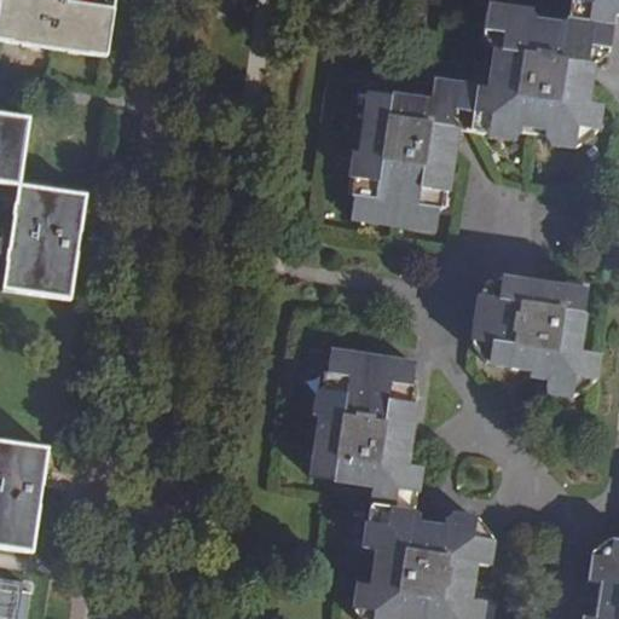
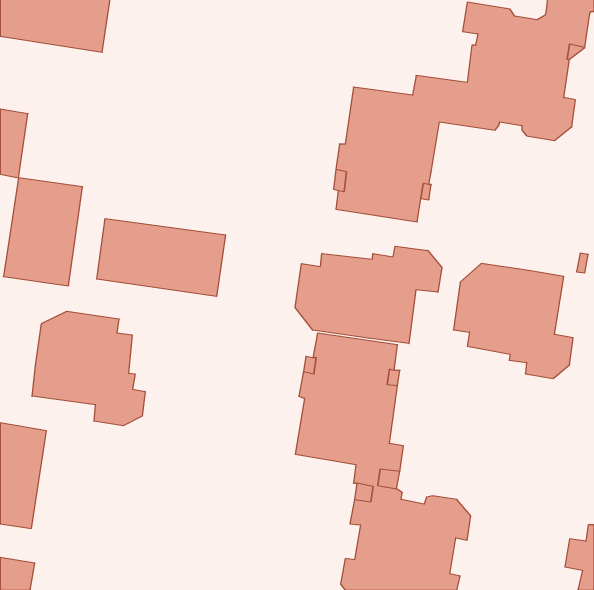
building: none -> [97,219,225,296]
building: none -> [295,246,442,344]
building: none -> [32,311,145,426]

